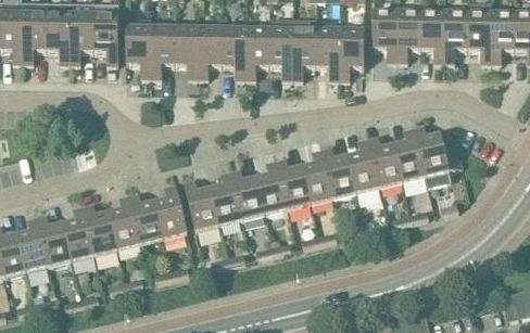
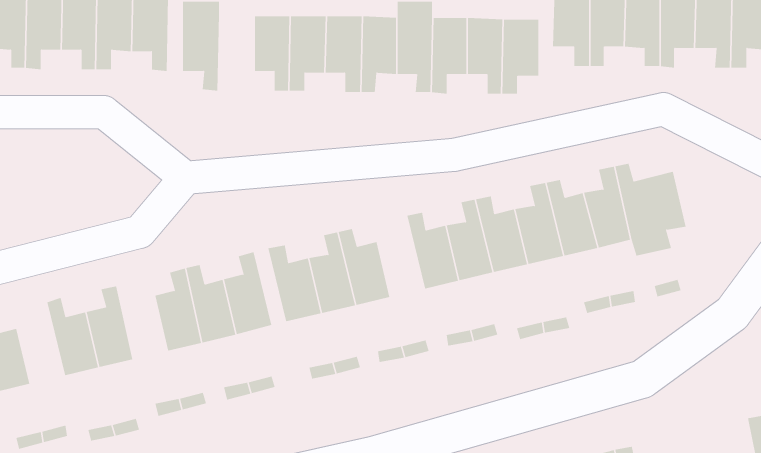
building: [150,26,174,77] -> none
building: [255,159,287,214] -> none
building: [83,203,116,255] -> none
building: [16,217,48,271] -> none

